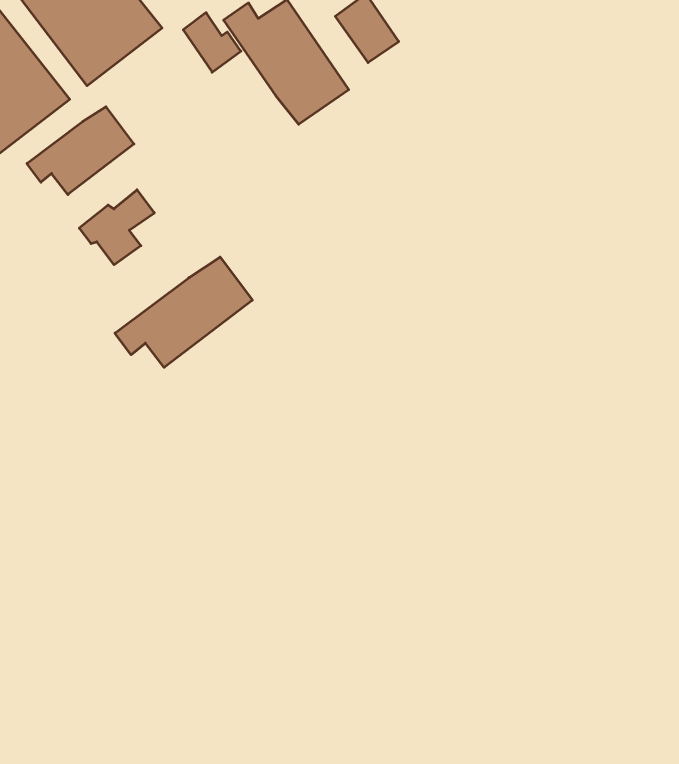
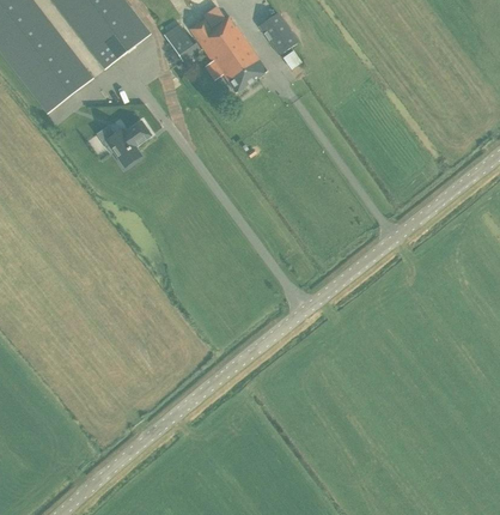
building: [27,107,134,195] -> none
building: [115,257,252,367] -> none

